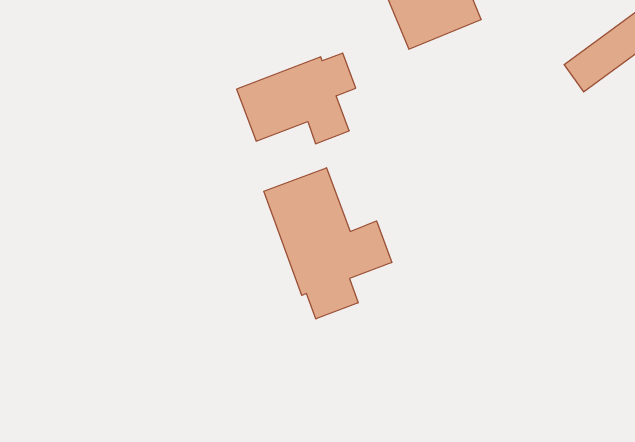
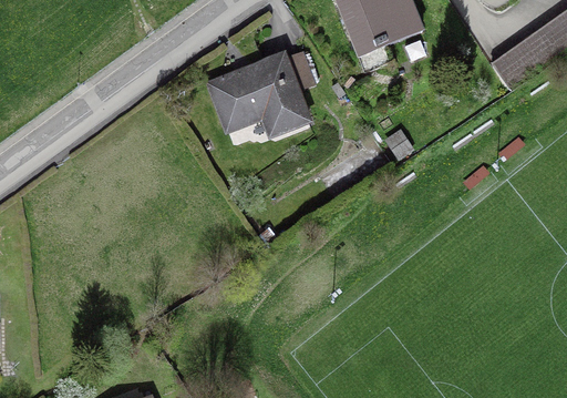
building: [264,168,392,319] -> none

